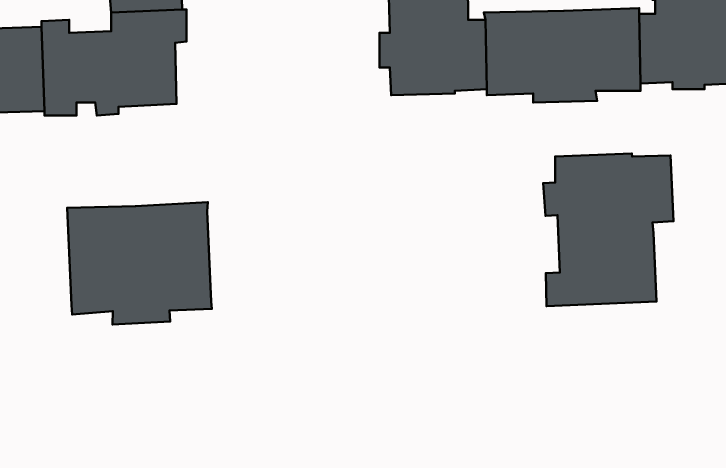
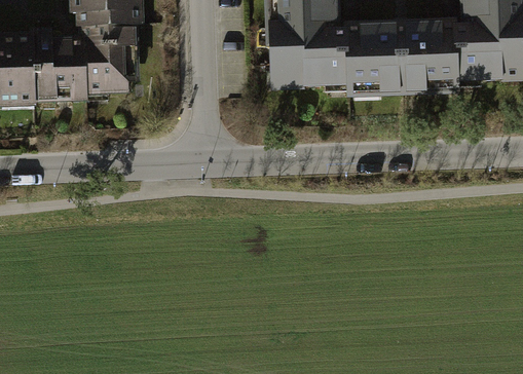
building: [543,154,674,306] -> none
building: [67,202,212,324] -> none

